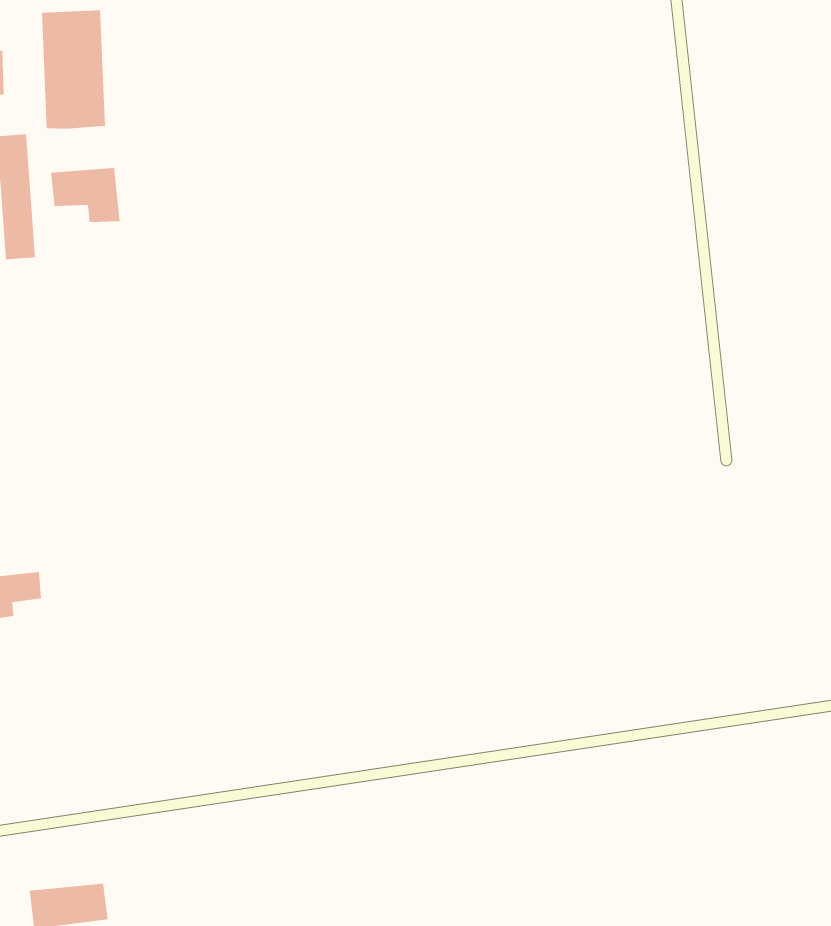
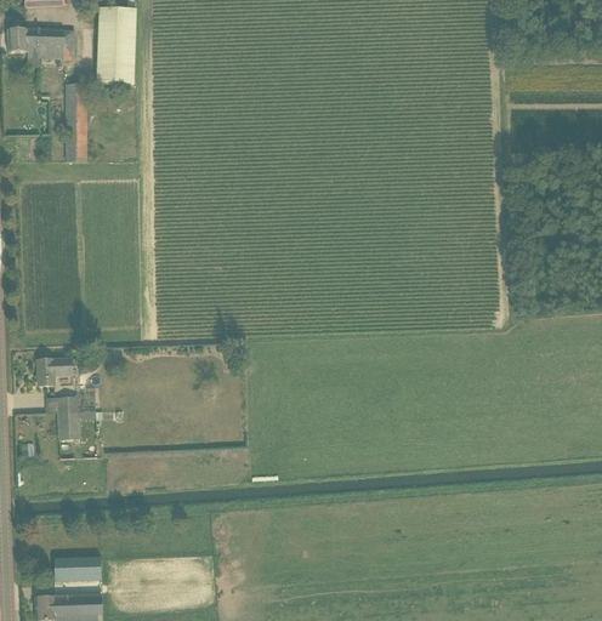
building: [50,167,120,223] -> none
building: none -> [58,398,95,440]

